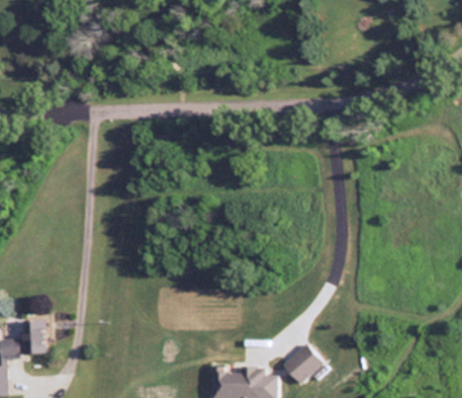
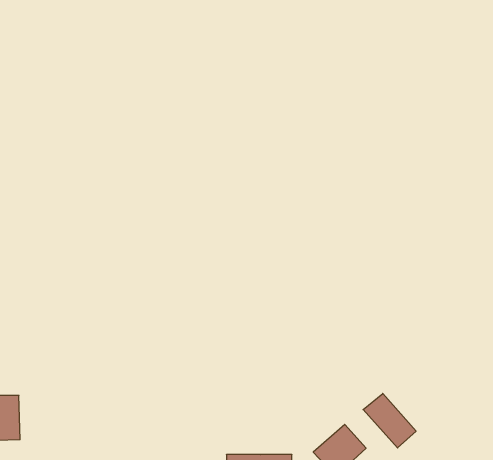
building: none -> [363,393,416,448]

